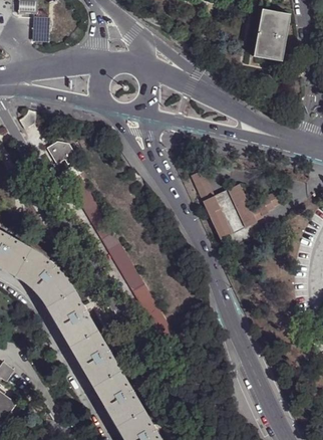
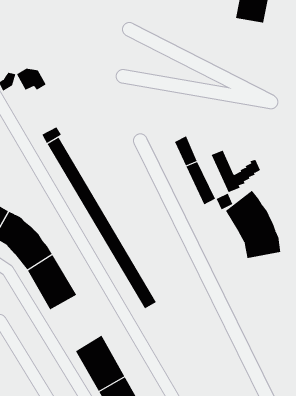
building: [46,143,76,165] -> [16,68,47,91]
building: none -> [225,190,281,259]
building: [69,329,120,385] -> none

